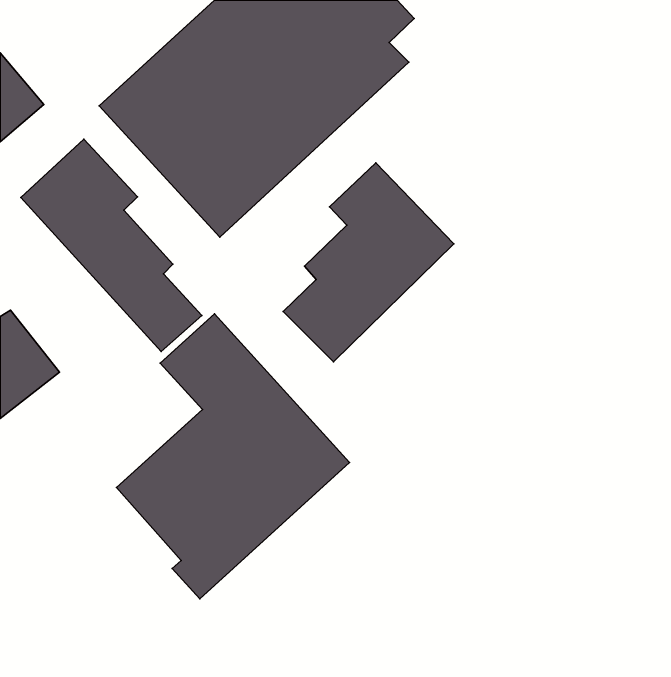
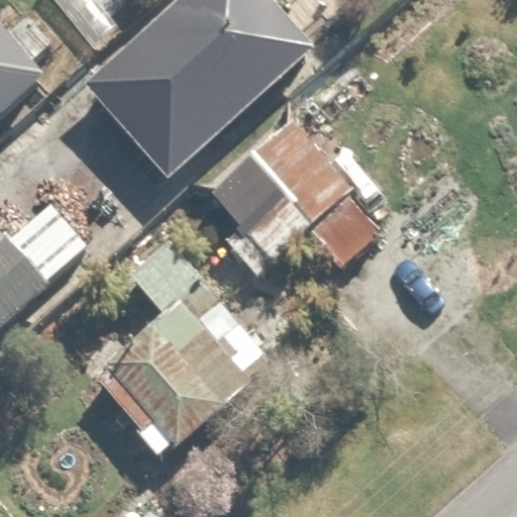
building: [21,139,202,352] -> none

